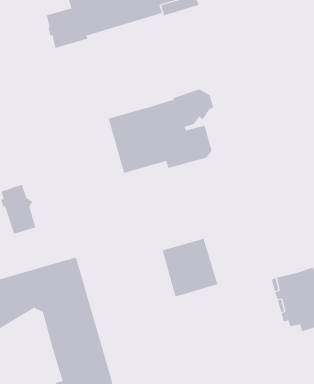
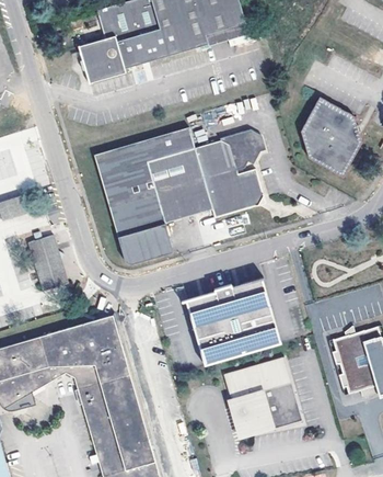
building: none -> [301,96,361,177]
building: none -> [93,127,195,264]
building: none -> [188,279,283,365]
building: none -> [223,356,302,436]

